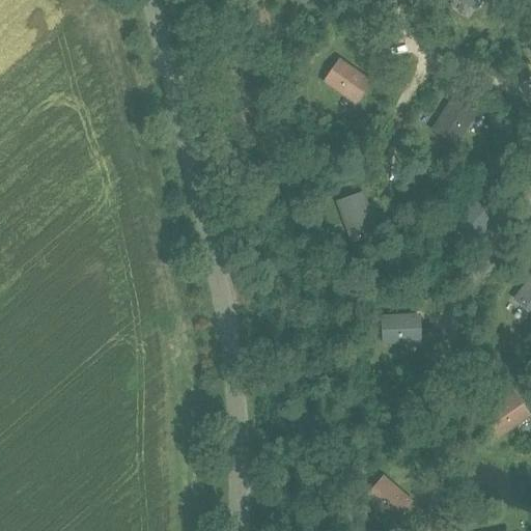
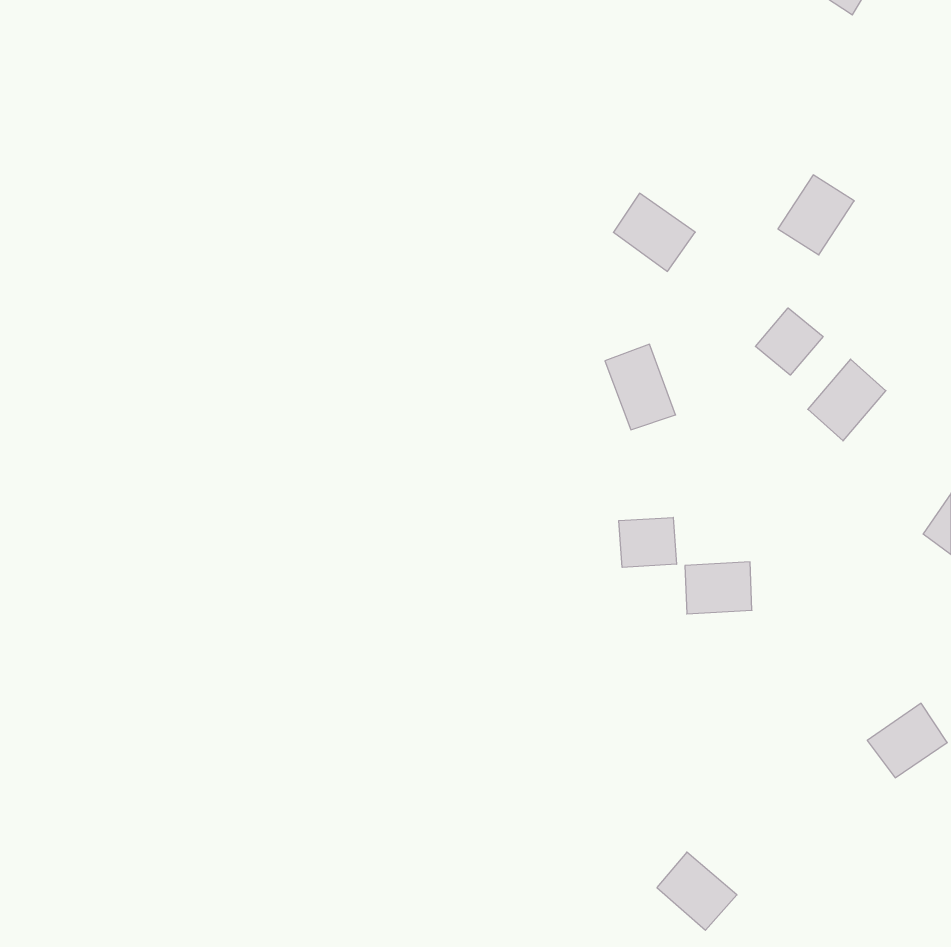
building: [325,58,370,102] -> [613,193,695,271]
building: none -> [755,308,823,375]
building: none -> [619,517,677,567]

